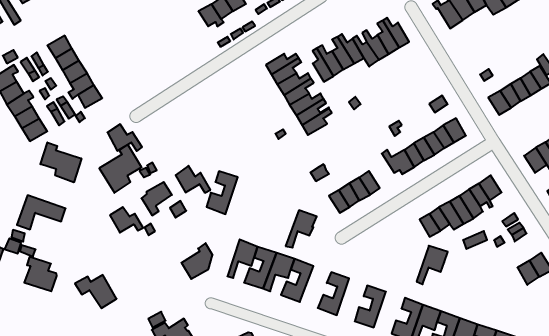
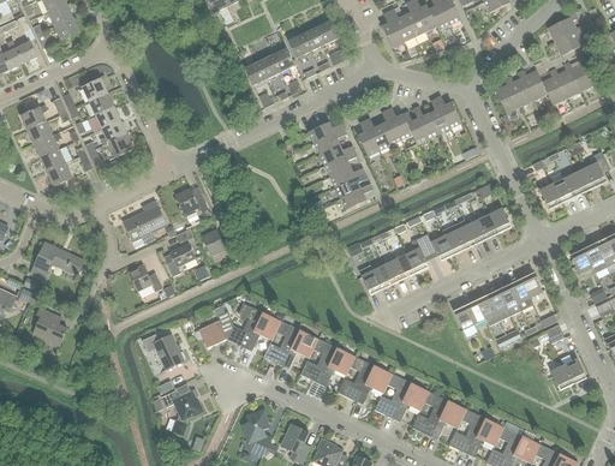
building: [107,124,142,151] -> [175,186,210,216]
building: [40,142,81,182] -> none
building: none -> [405,237,431,273]
building: [207,171,238,214] -> [226,303,262,348]
building: [286,210,317,248] -> [318,347,354,386]
building: [417,246,448,284] -> [393,382,429,422]
building: [75,275,117,308] -> [141,334,183,369]
building: none -> [356,364,390,404]

